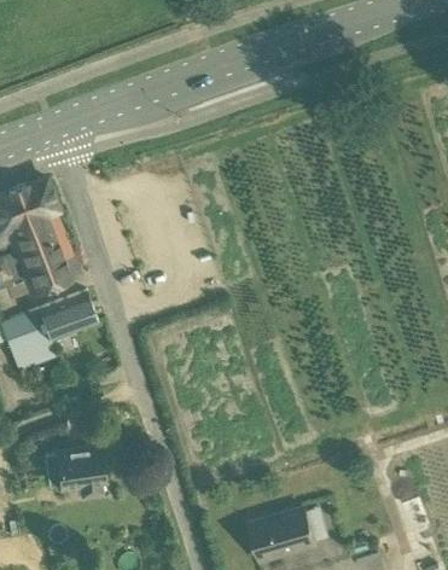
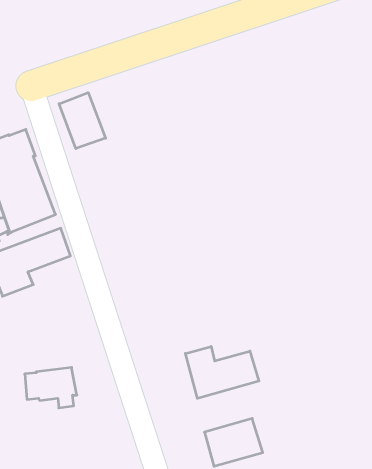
building: none -> [59,93,106,149]
building: none -> [185,346,259,398]

